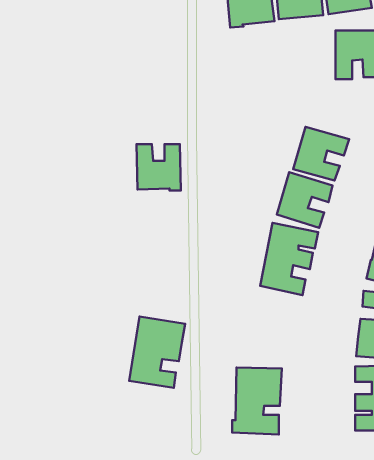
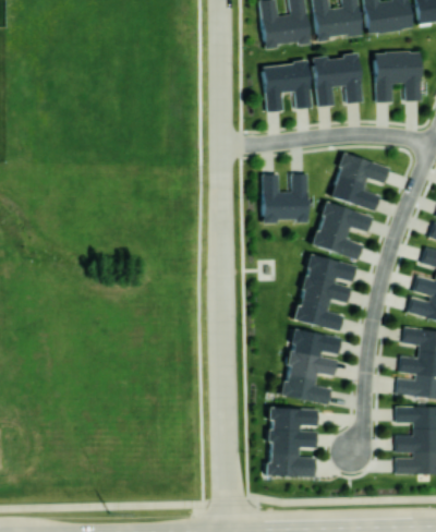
building: none -> [312,53,362,106]
building: none -> [262,60,312,111]
building: [136,144,181,191] -> [262,173,308,222]
building: [129,317,185,388] -> [282,328,341,403]

